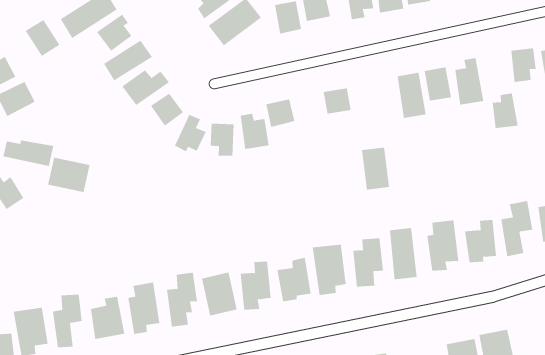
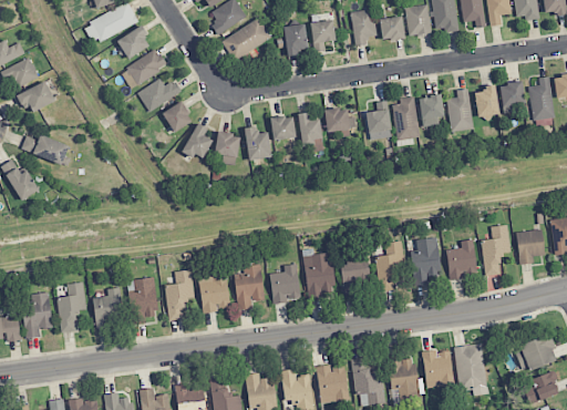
building: [25,19,60,57] -> none
building: [492,93,518,128] -> [475,84,498,116]
building: none -> [297,112,322,146]
building: [361,147,390,190] -> [367,101,391,140]
building: [48,157,90,193] -> none

